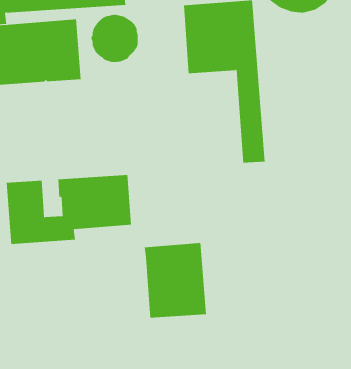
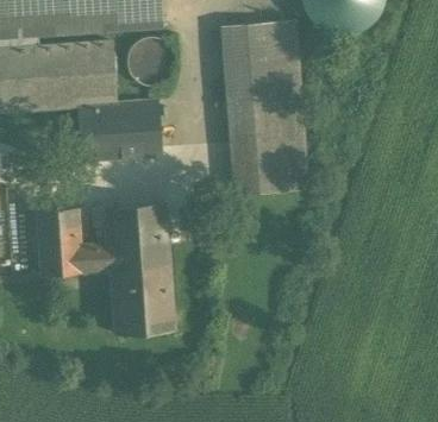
building: none -> [226,94,283,194]
building: none -> [77,101,162,162]
building: [144,242,207,318] -> [108,254,174,333]

